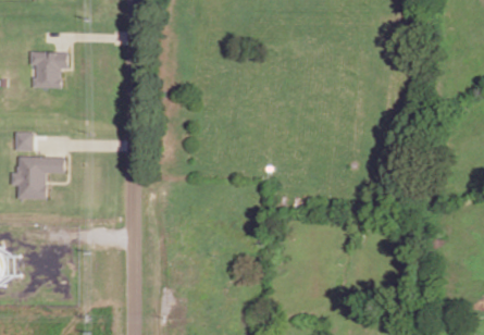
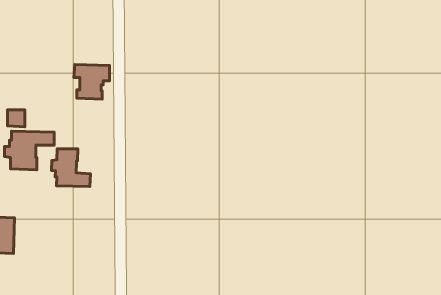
building: [29,50,67,87] -> [74,64,109,99]
building: none -> [51,149,90,187]

